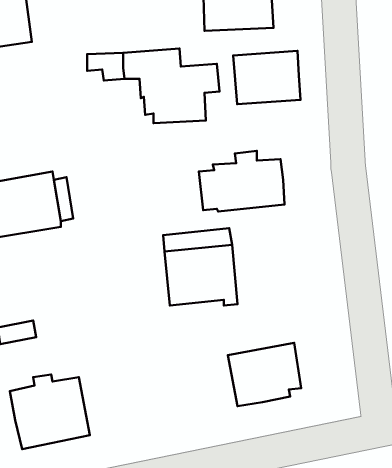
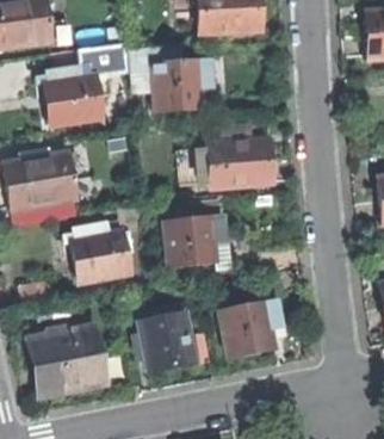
building: [233,51,300,104] -> none
building: none -> [47,66,101,125]
building: none -> [73,224,128,283]
building: none -> [141,314,193,371]

